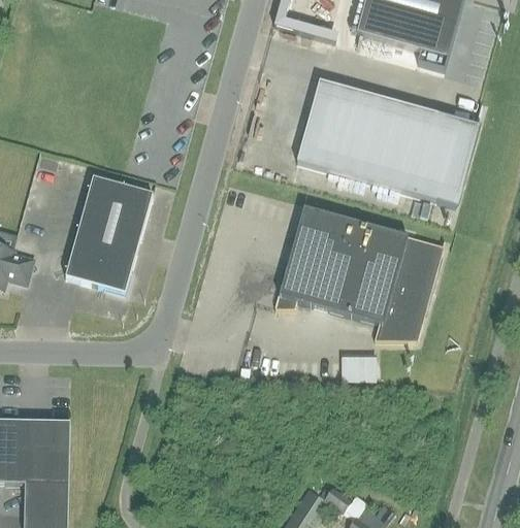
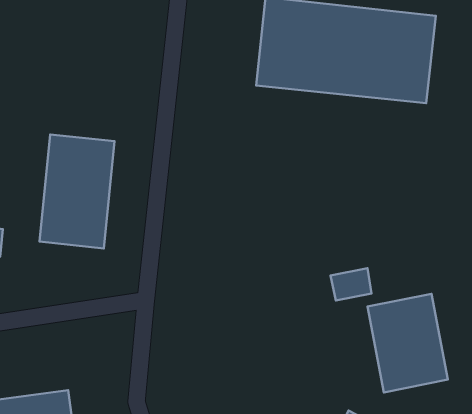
building: [274,207,445,340] -> none
building: none -> [367,294,448,392]

